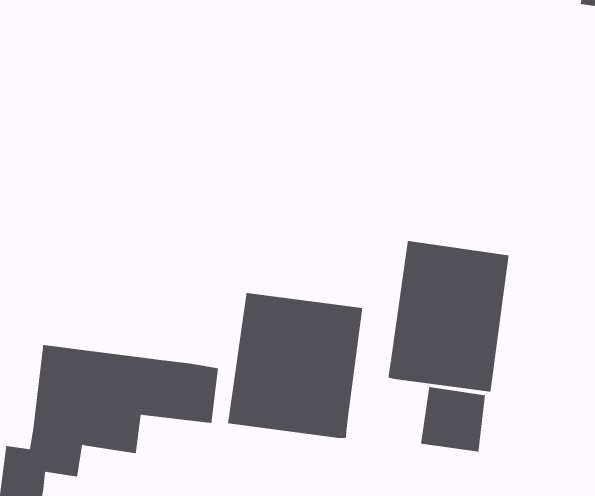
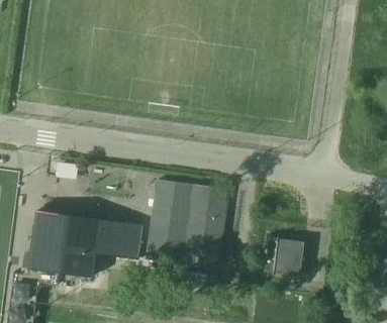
building: [388,240,509,393] -> none

